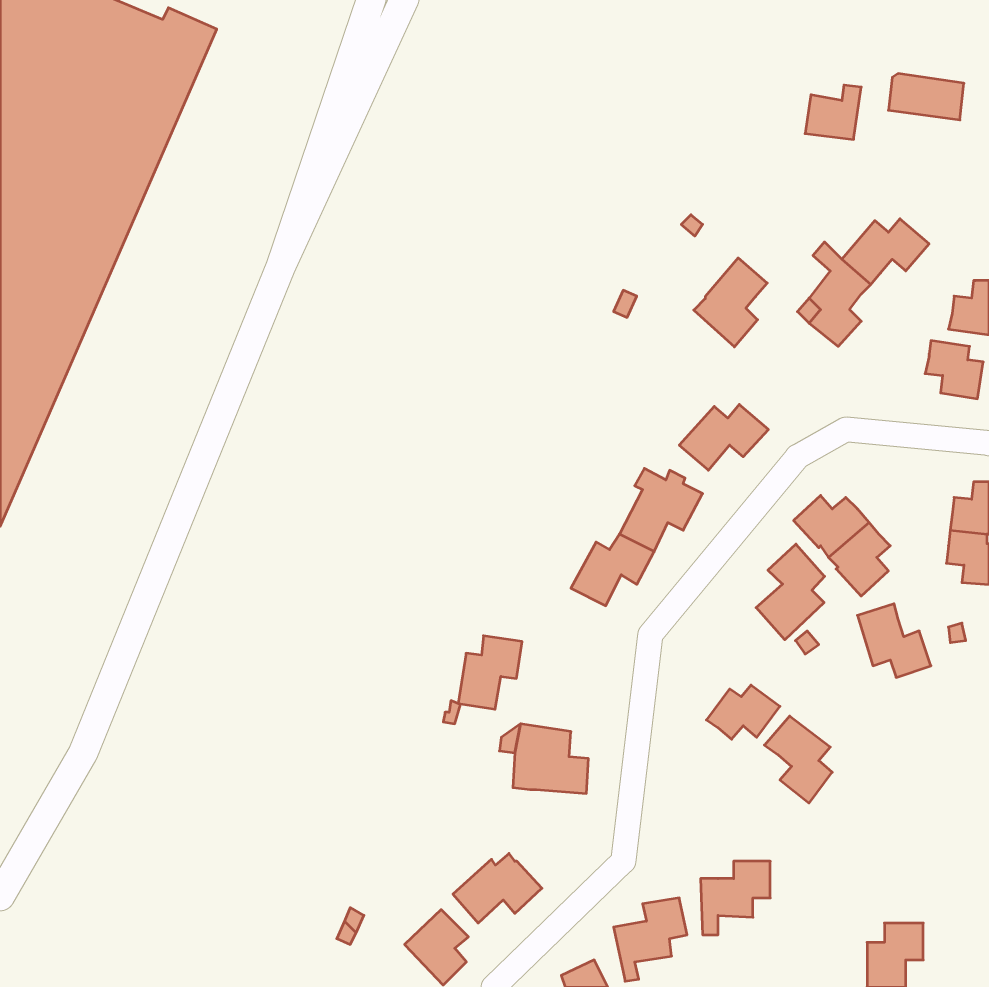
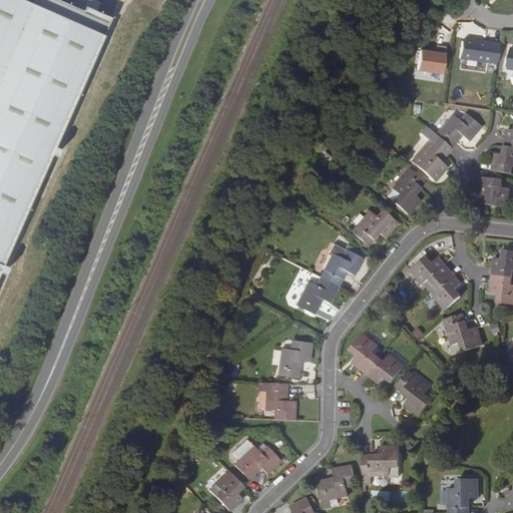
building: [694,258,767,347] -> [387,167,425,213]
building: [756,544,825,640] -> none
building: [458,636,522,709] -> [279,339,312,377]
building: none -> [350,334,378,373]

